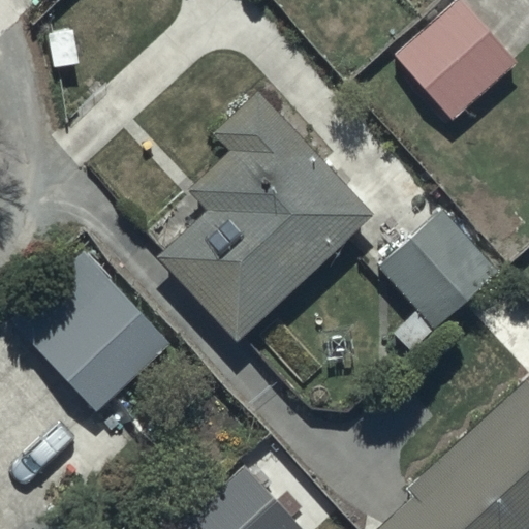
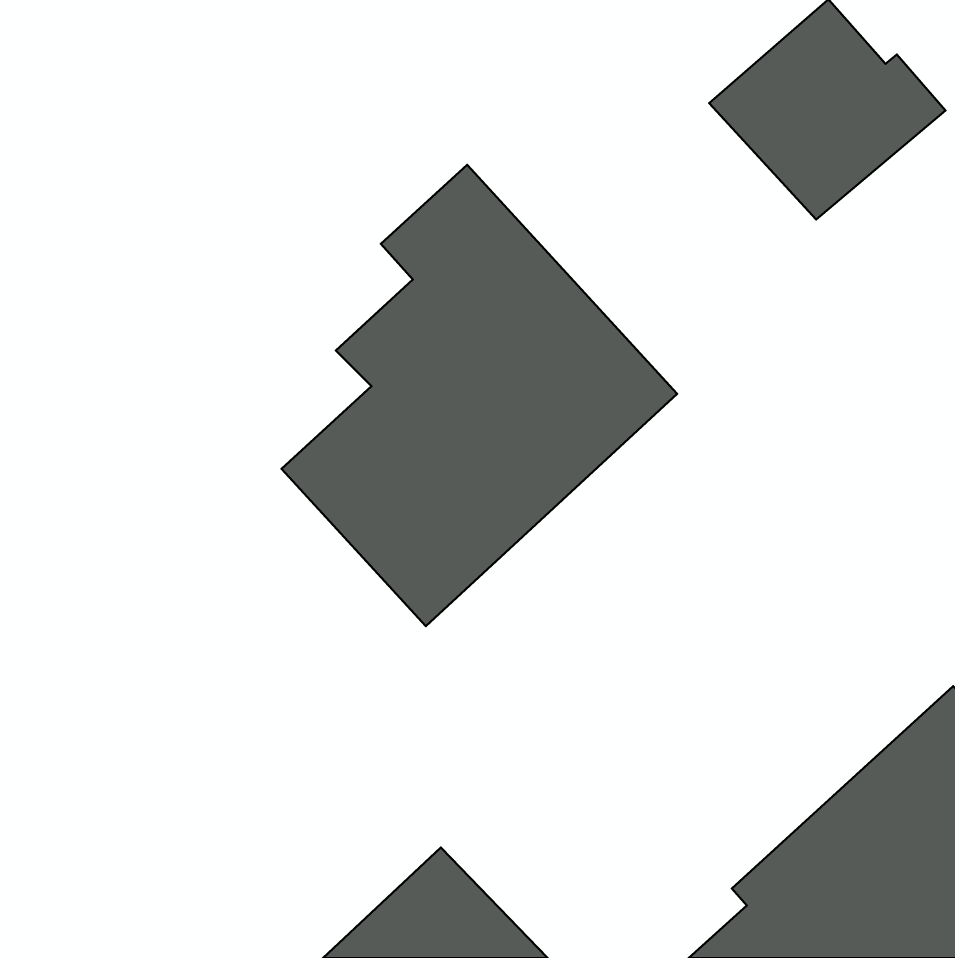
building: [379,208,501,331] -> none
building: [7,251,169,413] -> none

